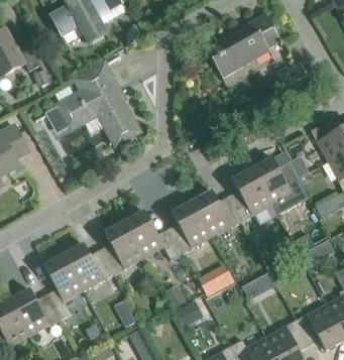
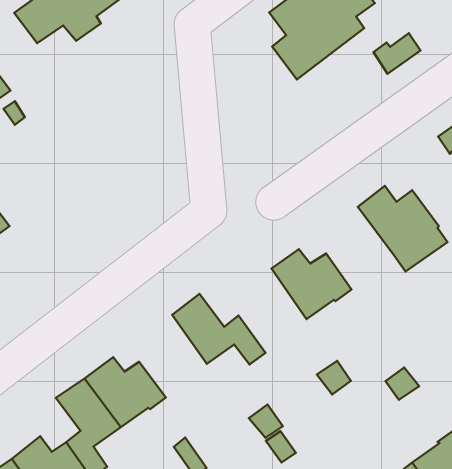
building: [44,65,132,140] -> none
building: [229,168,272,221] -> none
building: [167,201,211,254] -> none
building: [100,222,143,274] -> none

